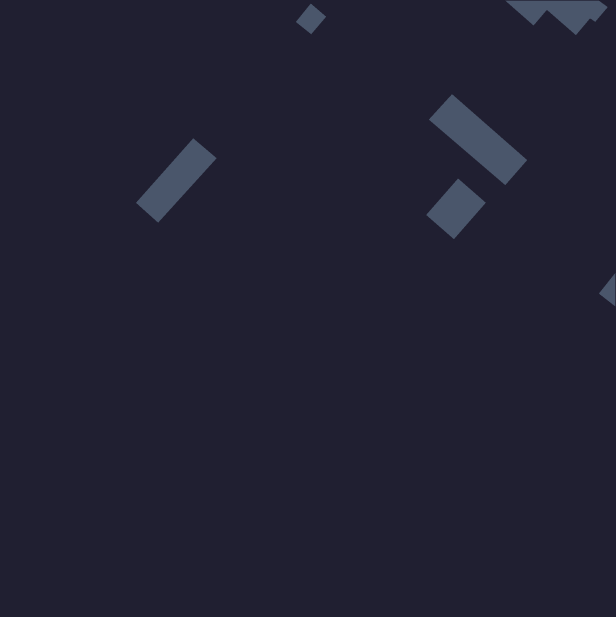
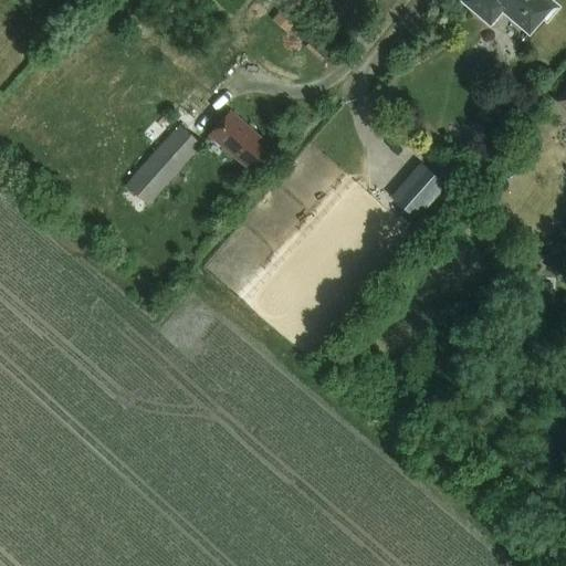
building: [428,93,528,186] -> none
building: none -> [212,114,273,172]

